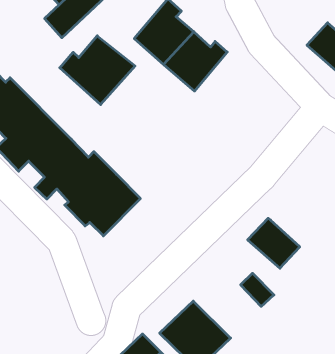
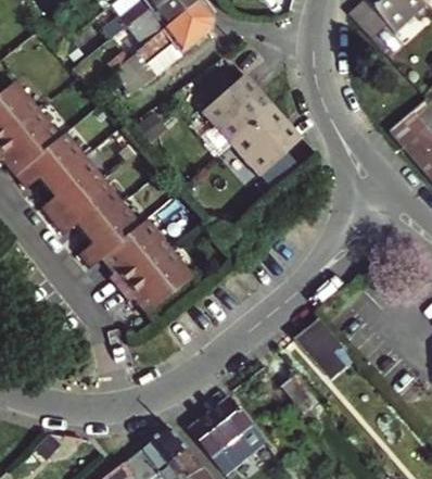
building: [60,36,135,105] -> none

